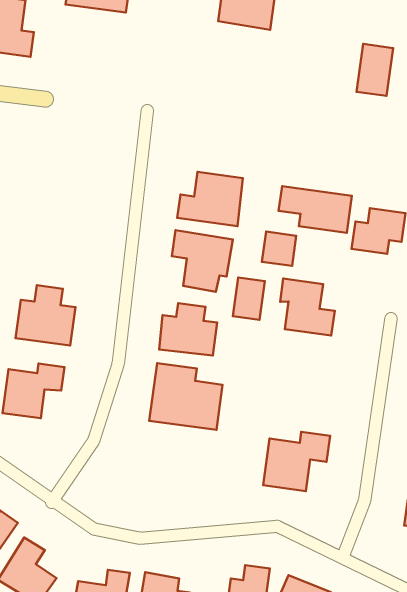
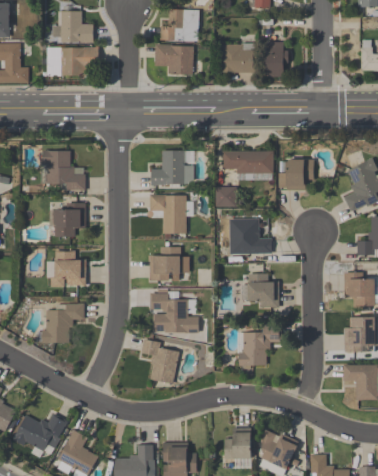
building: none -> [47,46,99,77]
building: none -> [154,44,193,74]
building: none -> [221,42,257,73]
building: none -> [42,150,85,190]
building: none -> [51,203,86,237]
building: [233,278,265,320] -> none
building: none -> [242,273,279,307]
building: none -> [139,341,179,384]

